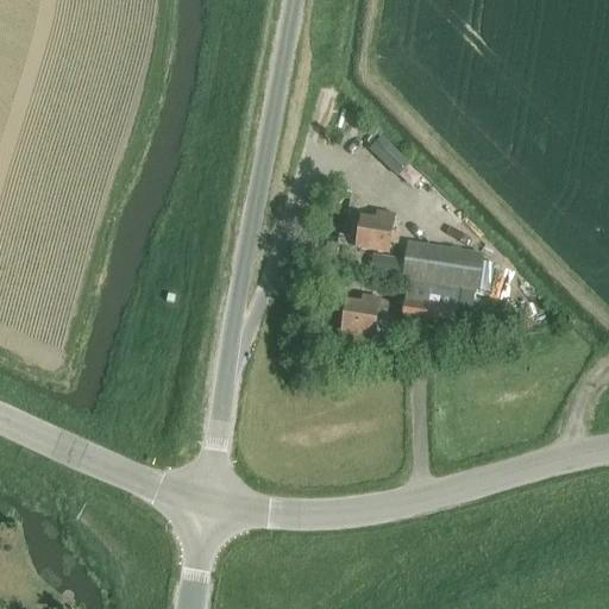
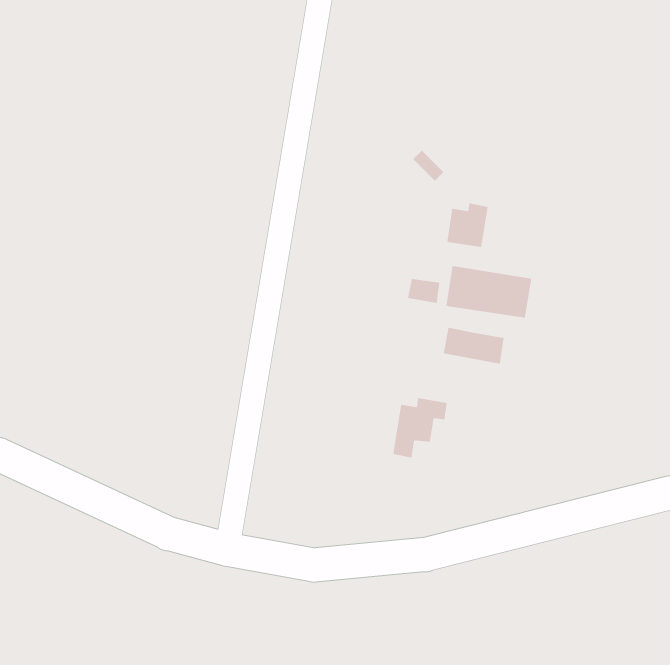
building: [356,211,394,251] -> [446,203,488,248]
building: [339,294,389,349] -> [392,398,448,458]

